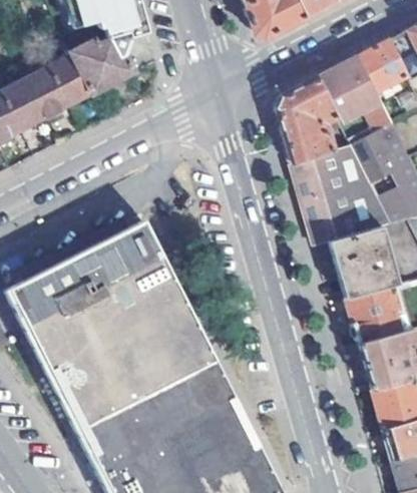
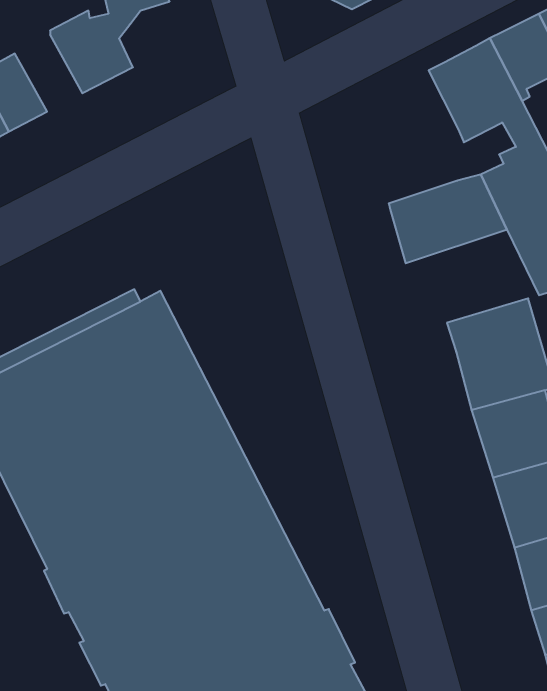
building: [46,54,90,104] -> none
building: [276,77,336,164] -> none
building: [302,181,389,246] -> none

